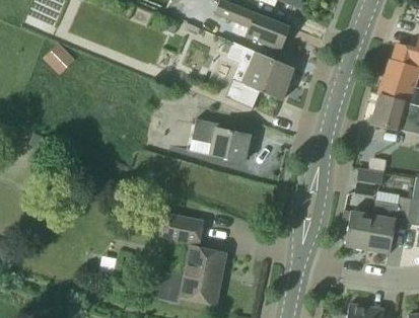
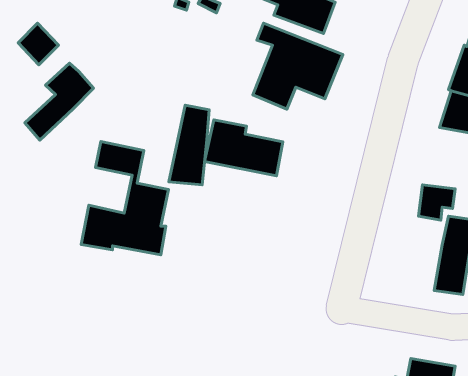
building: none -> [25,63,93,140]
building: none -> [169,105,209,185]
building: [341,211,373,250] -> none
building: [153,215,221,303] -> [81,141,169,255]

